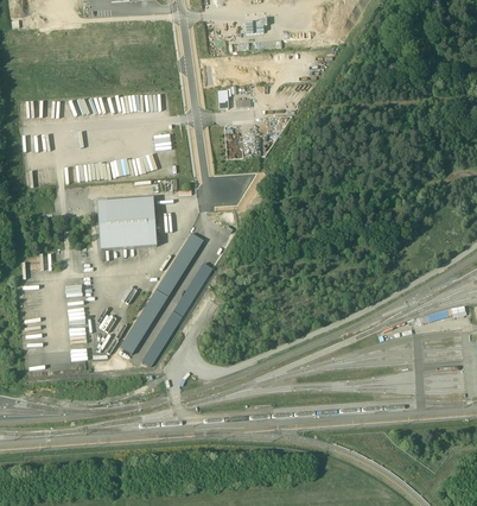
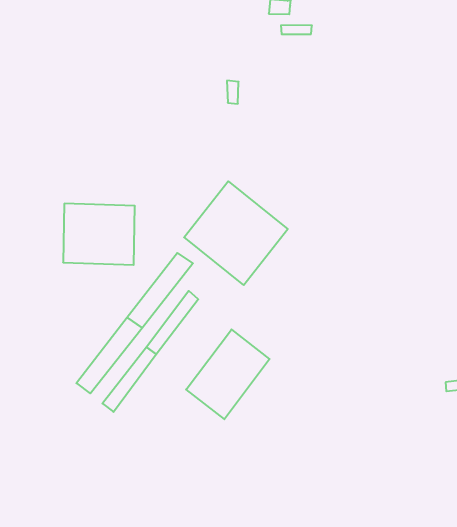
building: none -> [184,181,288,285]
building: none -> [186,329,270,419]

